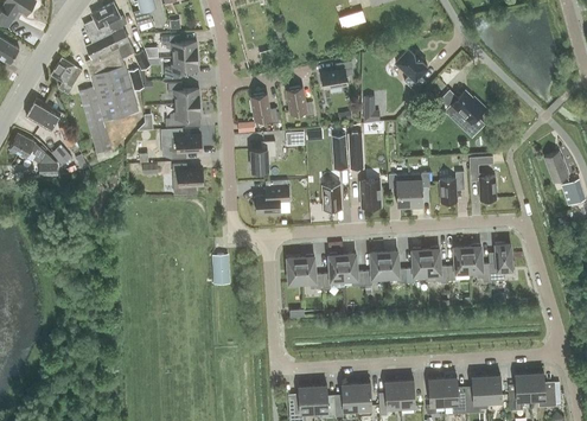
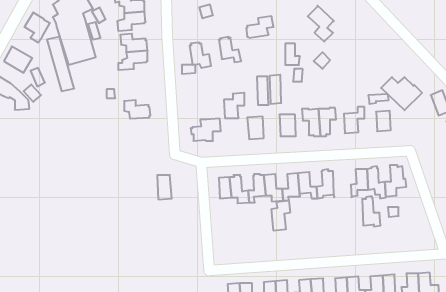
building: [436,89,486,129] -> [381,77,422,110]
building: [168,135,202,159] -> none
building: [250,140,275,171] -> [224,93,244,118]
building: [426,245,448,282] -> [362,196,381,226]
building: none -> [272,200,290,231]

